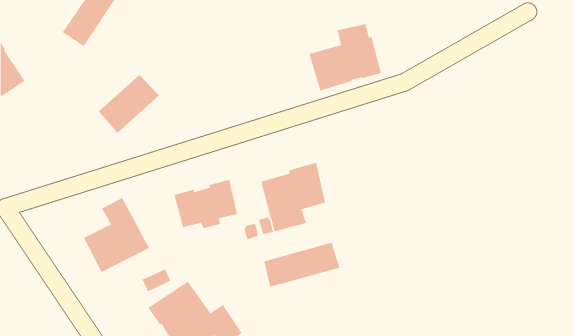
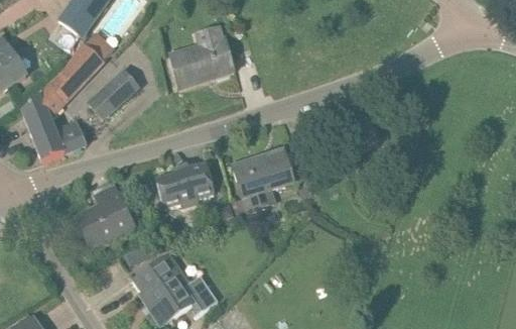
building: [308,23,382,91] -> [168,25,234,86]
building: none -> [21,31,112,160]
building: [264,242,340,287] -> none

